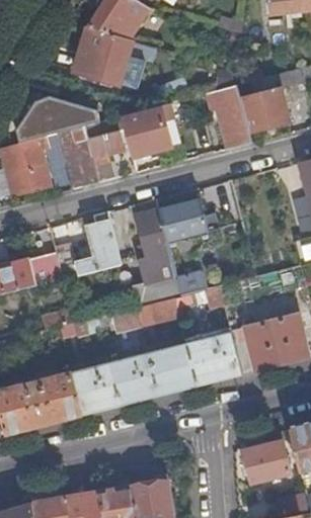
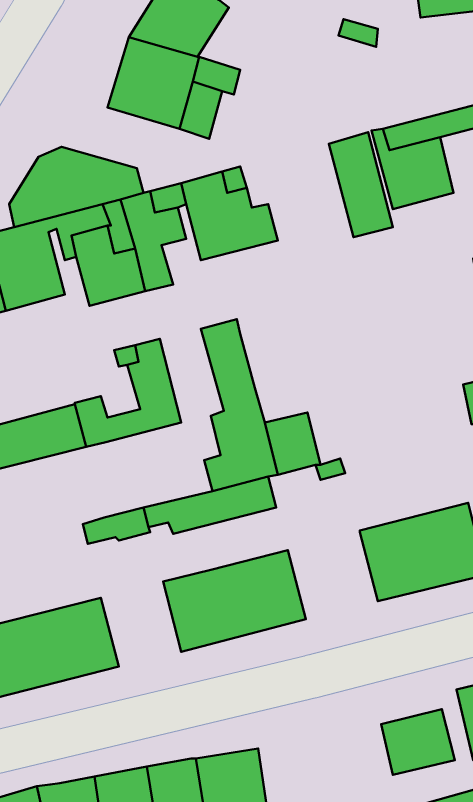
building: [156,199,207,243] -> none
building: [185,332,241,385] -> none
building: [70,362,120,415] -> none

